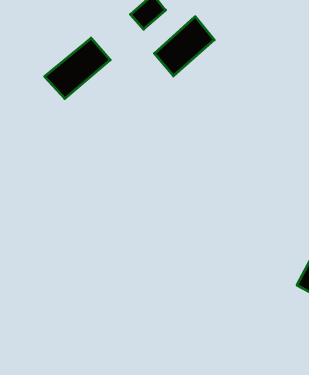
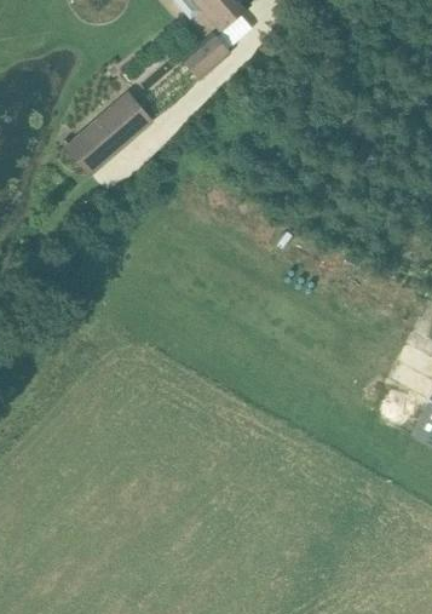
building: [154,17,214,76] -> none

